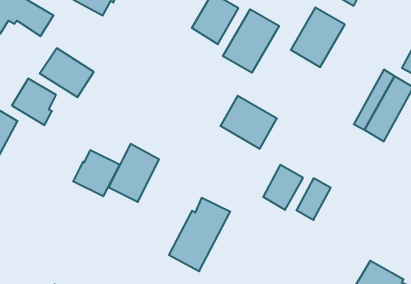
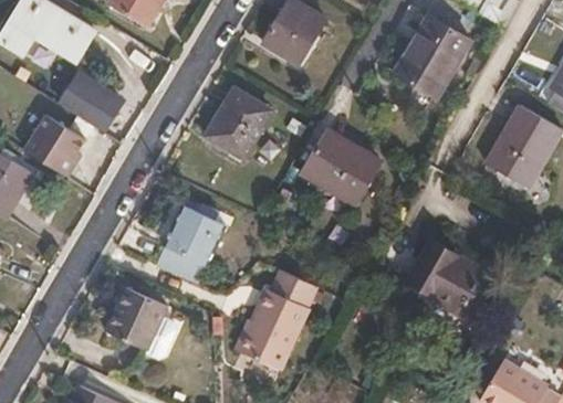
building: [223,9,279,73] -> none
building: none -> [209,89,273,158]
building: [73,150,120,196] -> [101,283,164,344]
building: [263,165,303,210] -> [430,259,484,320]

